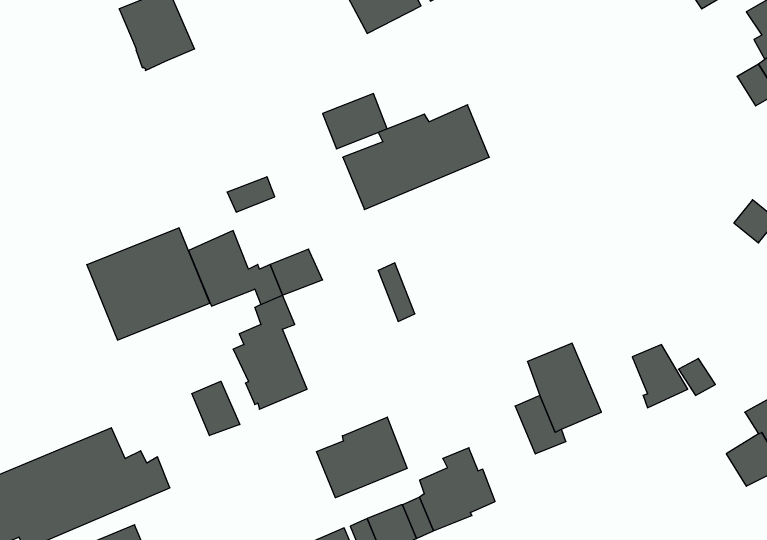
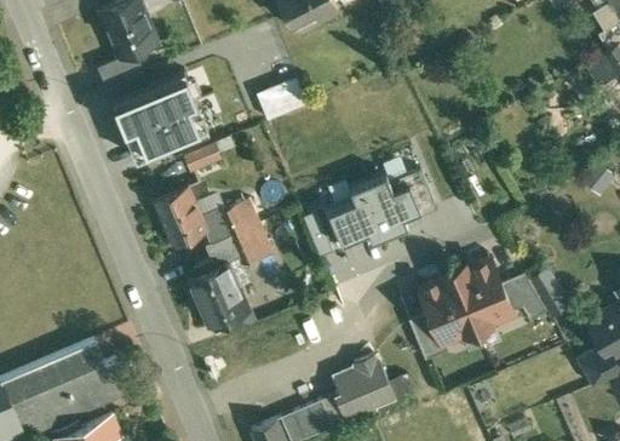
building: none -> [98,52,144,88]
building: [343,105,489,210] -> [321,167,436,250]
building: [87,228,210,340] -> [111,70,208,159]
building: none -> [228,224,271,265]
building: none -> [455,259,515,328]
building: [192,381,240,436] -> none
building: [317,417,407,498] -> none

